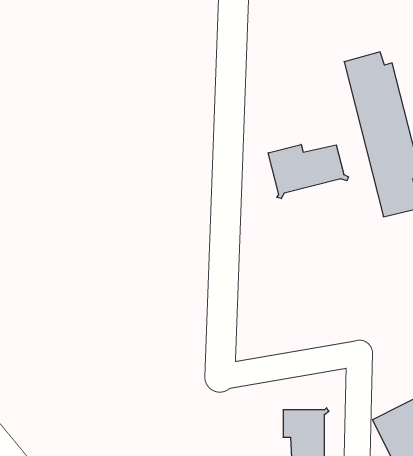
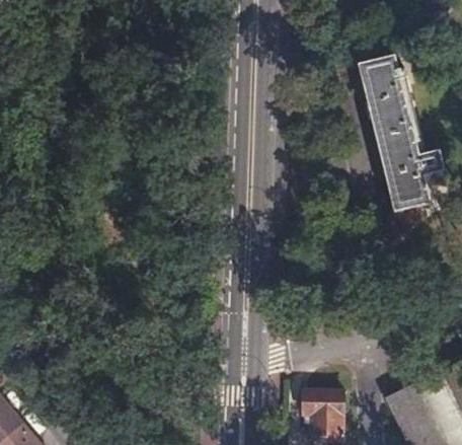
building: [268,144,349,199] -> none

